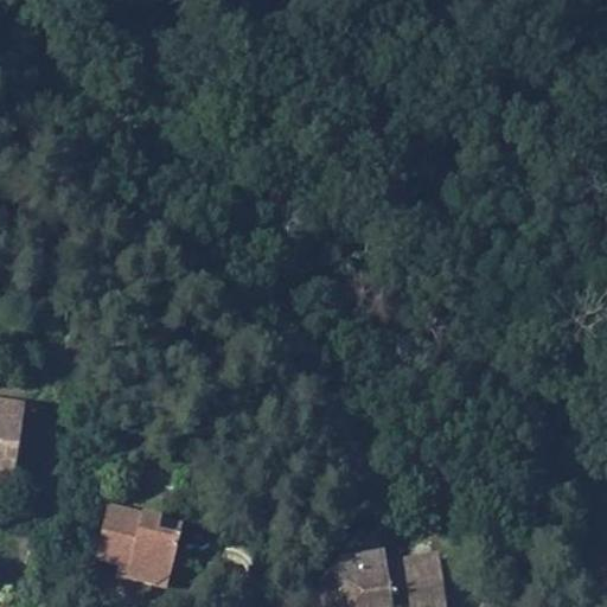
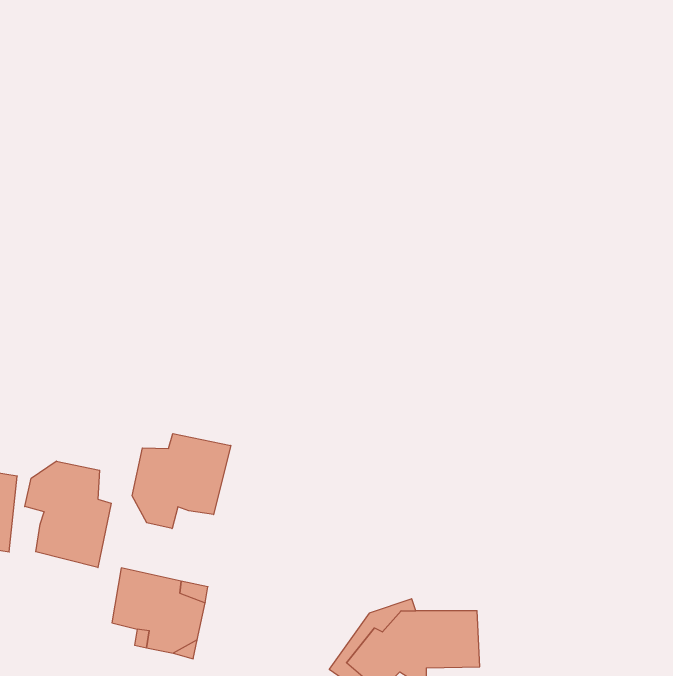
building: none -> [132,434,231,529]
building: none -> [25,461,111,568]

